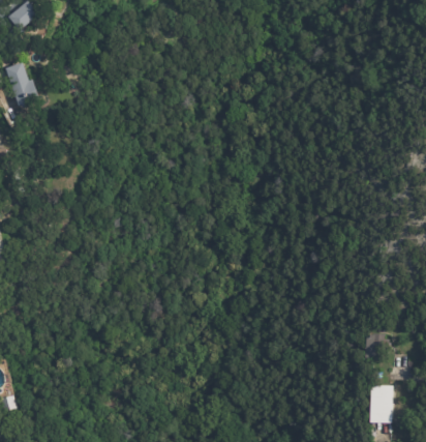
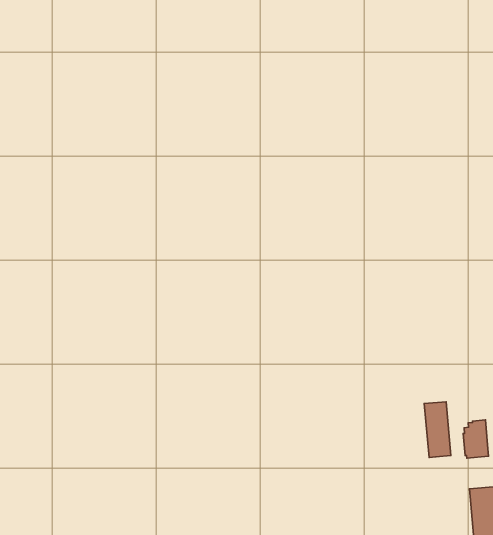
building: none -> [424,402,451,458]

